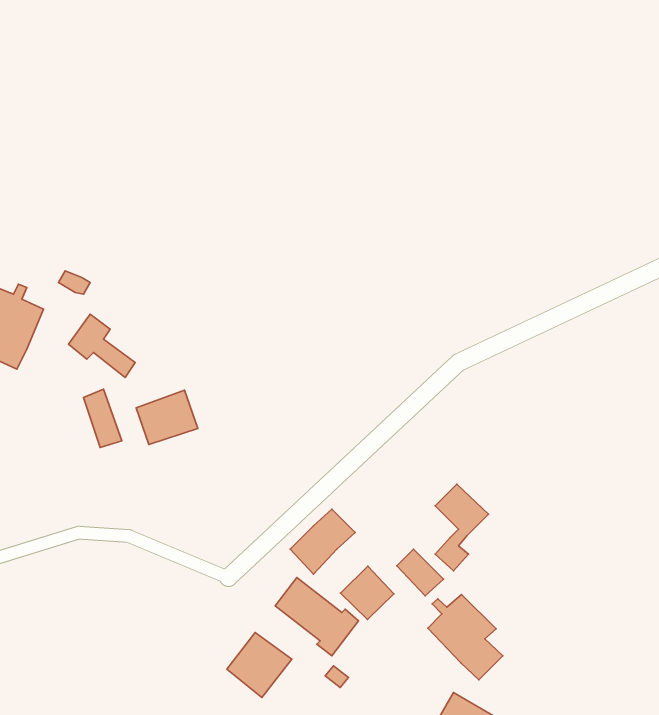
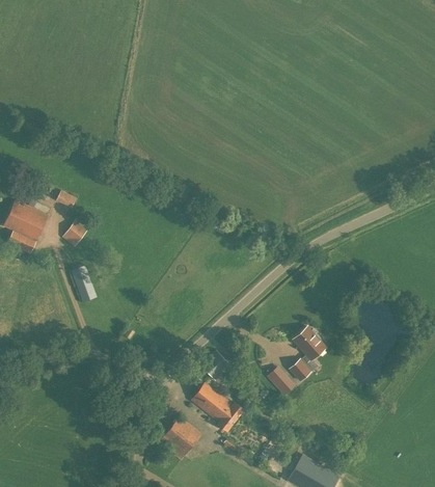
building: [136,390,198,444] -> none
building: [341,566,394,619] -> none
building: [428,595,503,680] -> none

